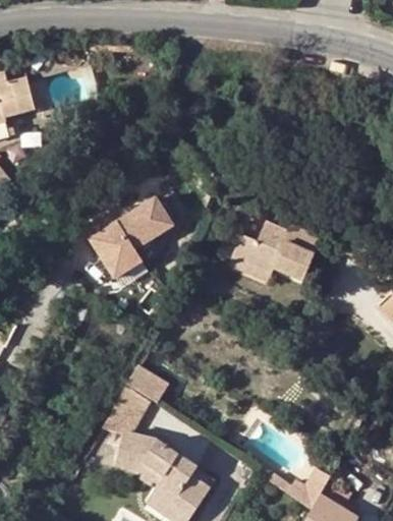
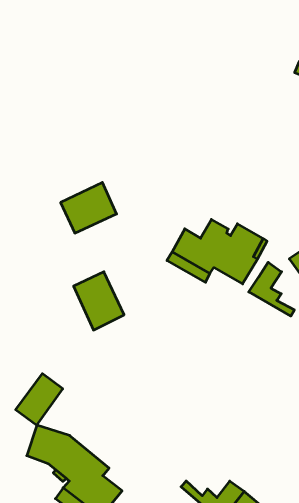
building: [92,223,144,280] -> [74,272,124,330]
building: none -> [249,262,294,316]
building: [122,369,165,407] -> none

